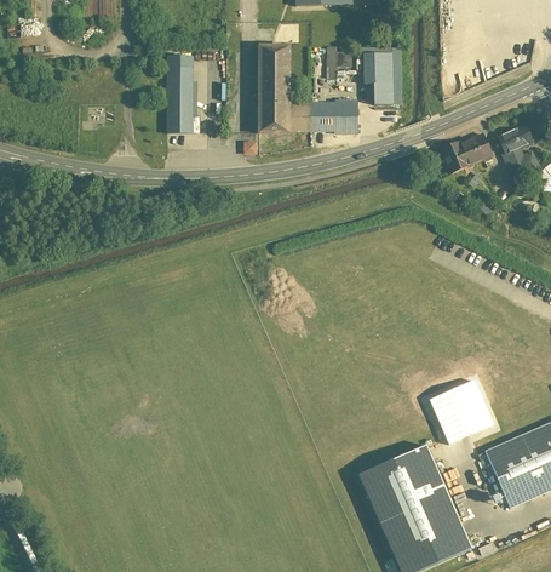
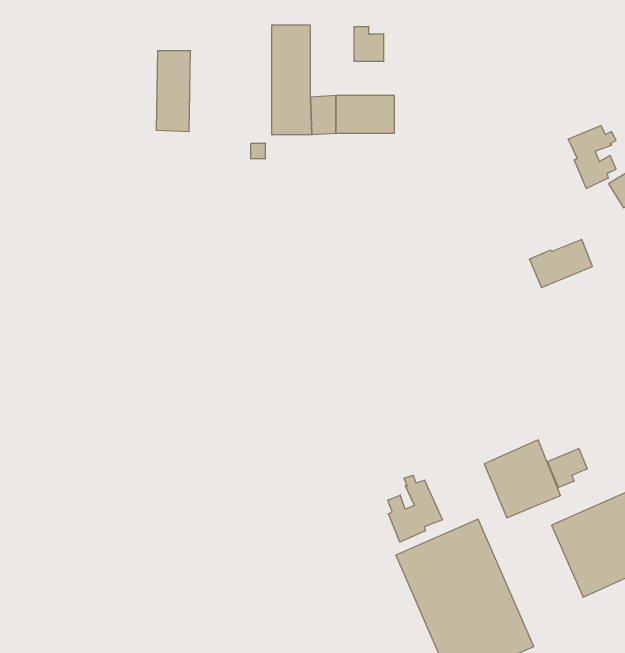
building: [365,46,401,103] -> none
building: [442,132,493,171] -> [529,240,592,288]
building: none -> [548,449,587,488]
building: none -> [388,475,442,542]

